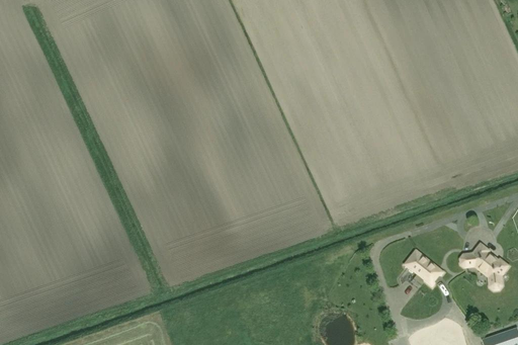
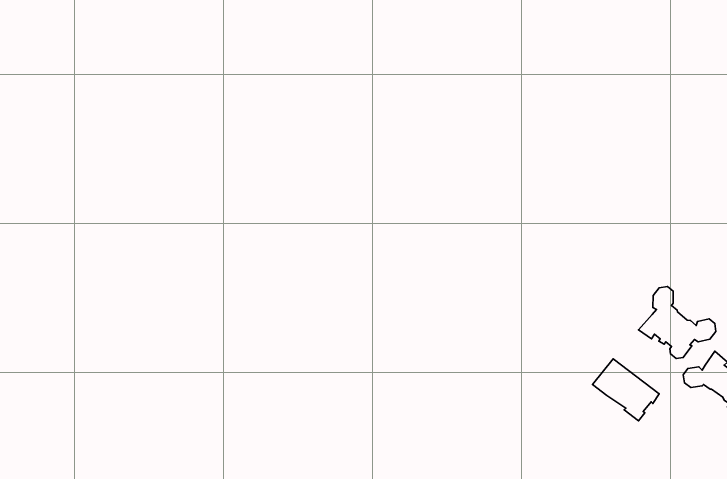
building: none -> [639,287,716,358]

